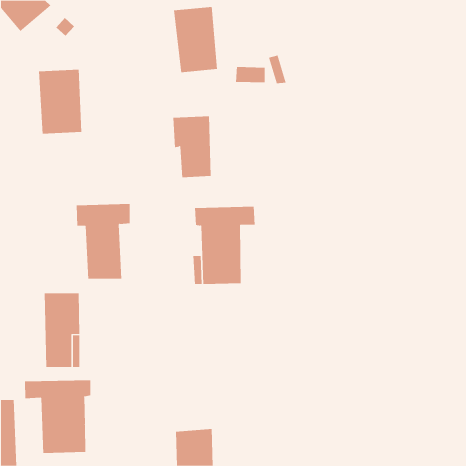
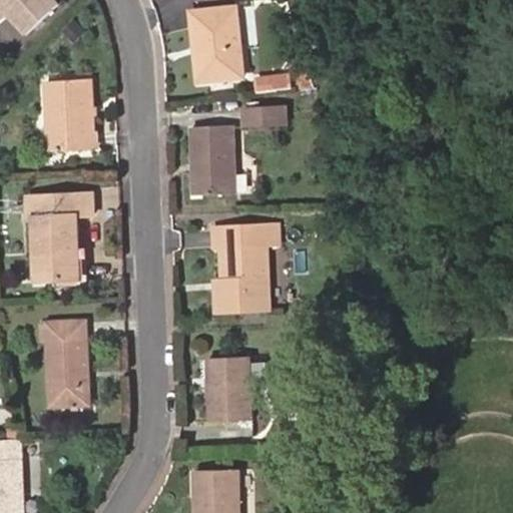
building: none -> [244,104,287,128]
building: [76,203,130,279] -> [24,193,84,277]
building: none -> [206,358,249,422]
building: [25,379,91,454] -> none

